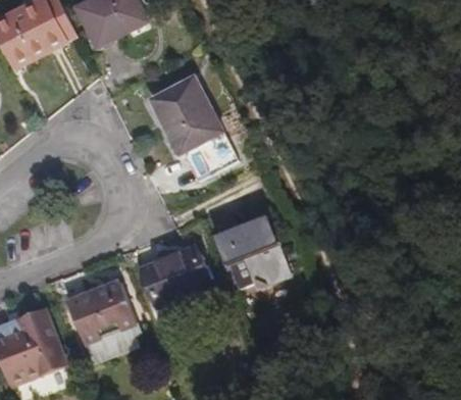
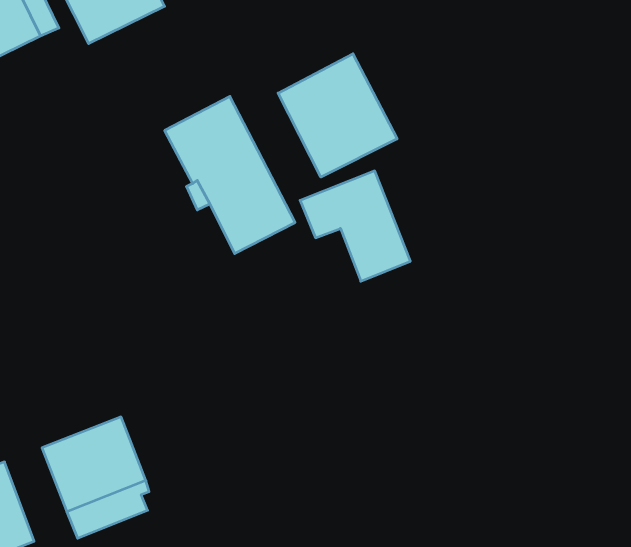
building: none -> [278,54,397,177]
building: [215,224,288,297] -> [300,171,410,281]
building: [141,254,207,310] -> none

